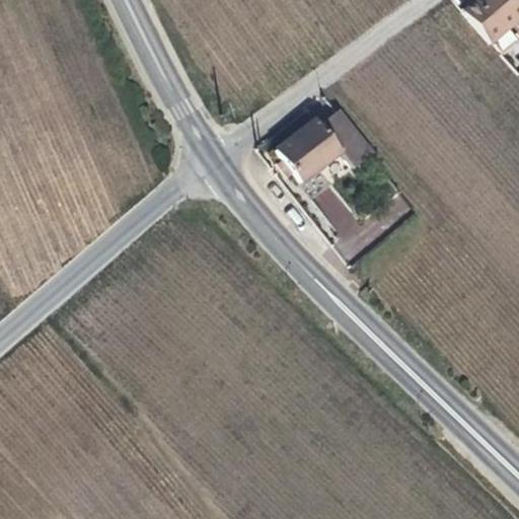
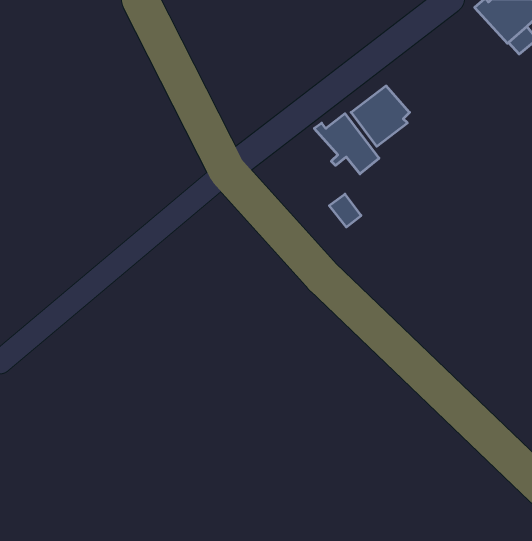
building: [277,123,332,180] -> [351,86,410,146]

